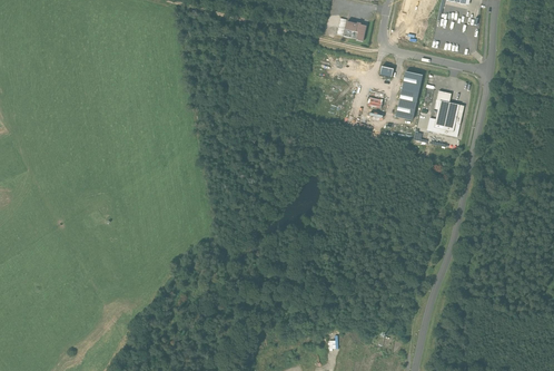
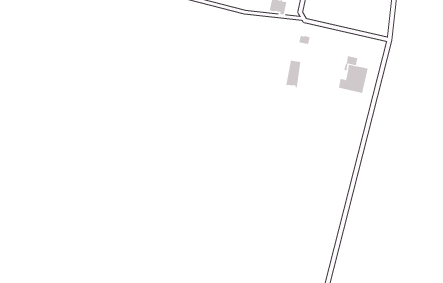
building: [394,71,421,119] -> none

